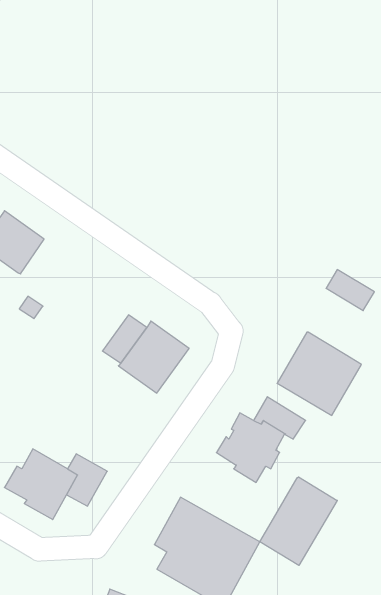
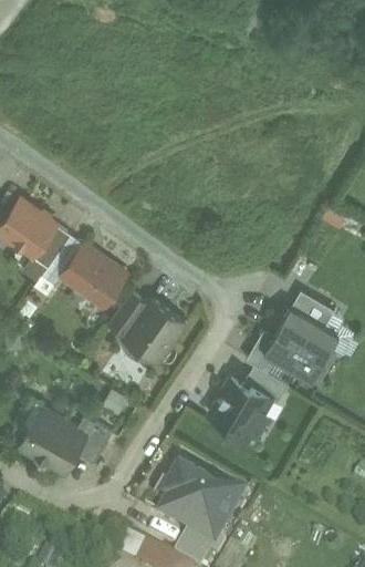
building: none -> [31,224,70,266]
building: none -> [59,243,126,307]
building: [326,270,374,311] -> [291,290,334,327]
building: [260,477,337,565] -> none

